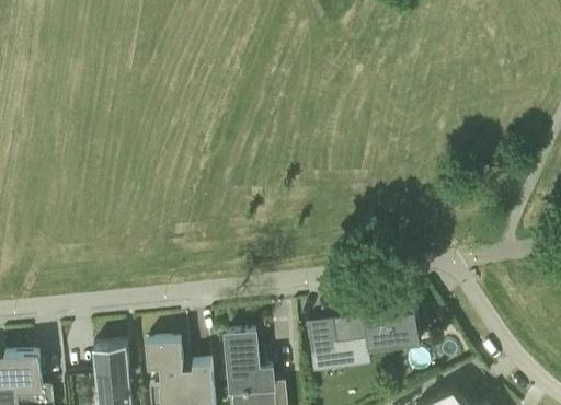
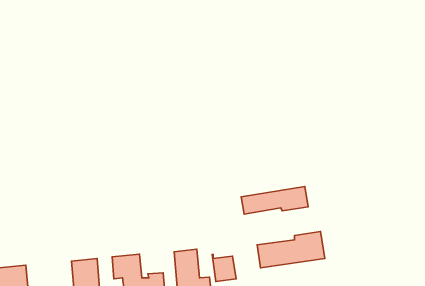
building: none -> [241,186,308,214]
building: [307,322,337,357] -> [212,254,236,281]

